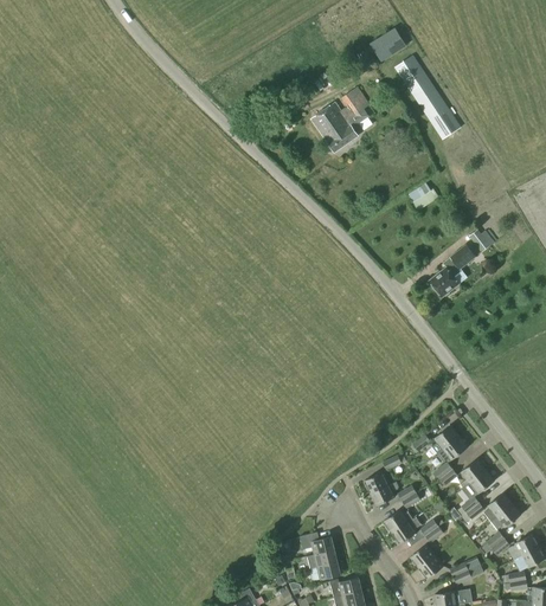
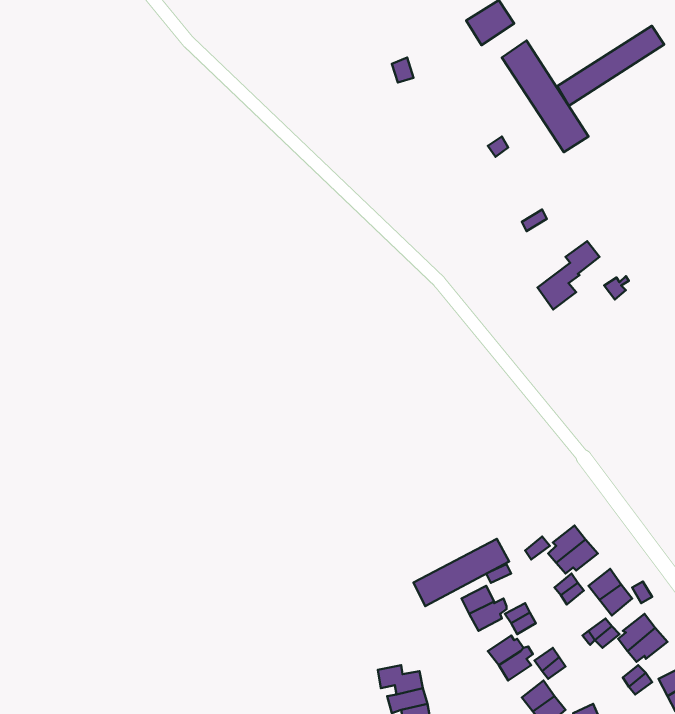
building: none -> [557,26,664,106]
building: [311,86,375,153] -> none
building: [429,245,476,297] -> [538,241,600,309]
building: none -> [413,539,509,606]

